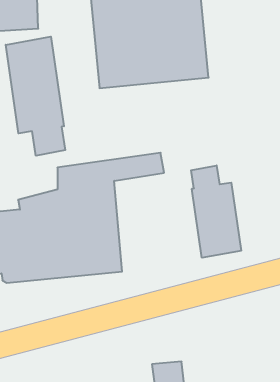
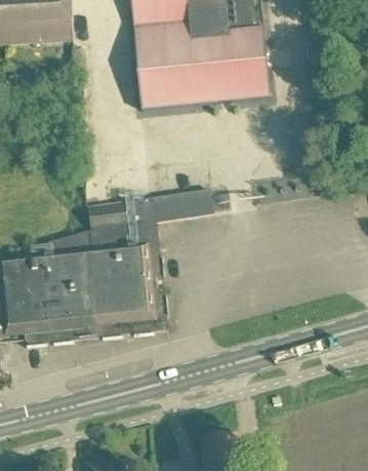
building: [6,37,65,156] -> none
building: [191,165,241,258] -> none

